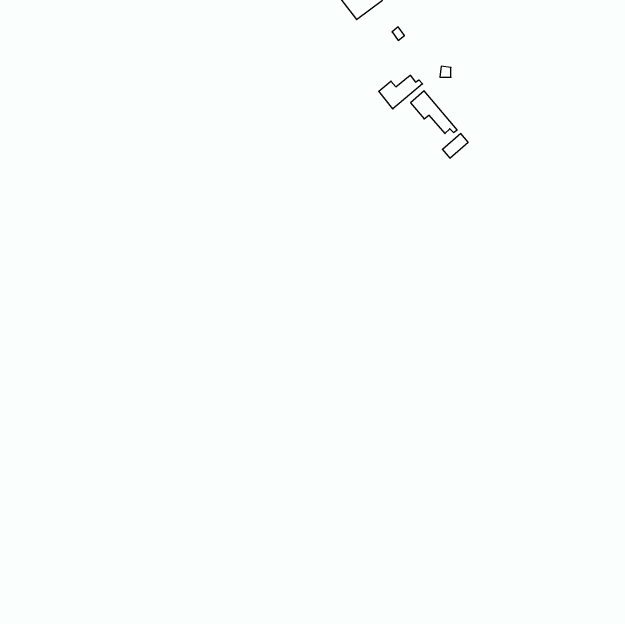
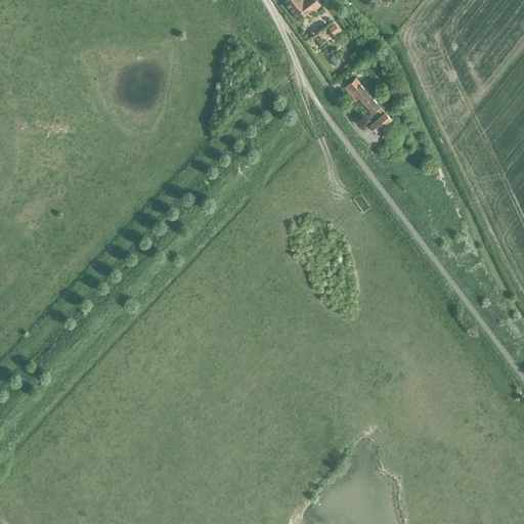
building: [379,75,423,109] -> none

